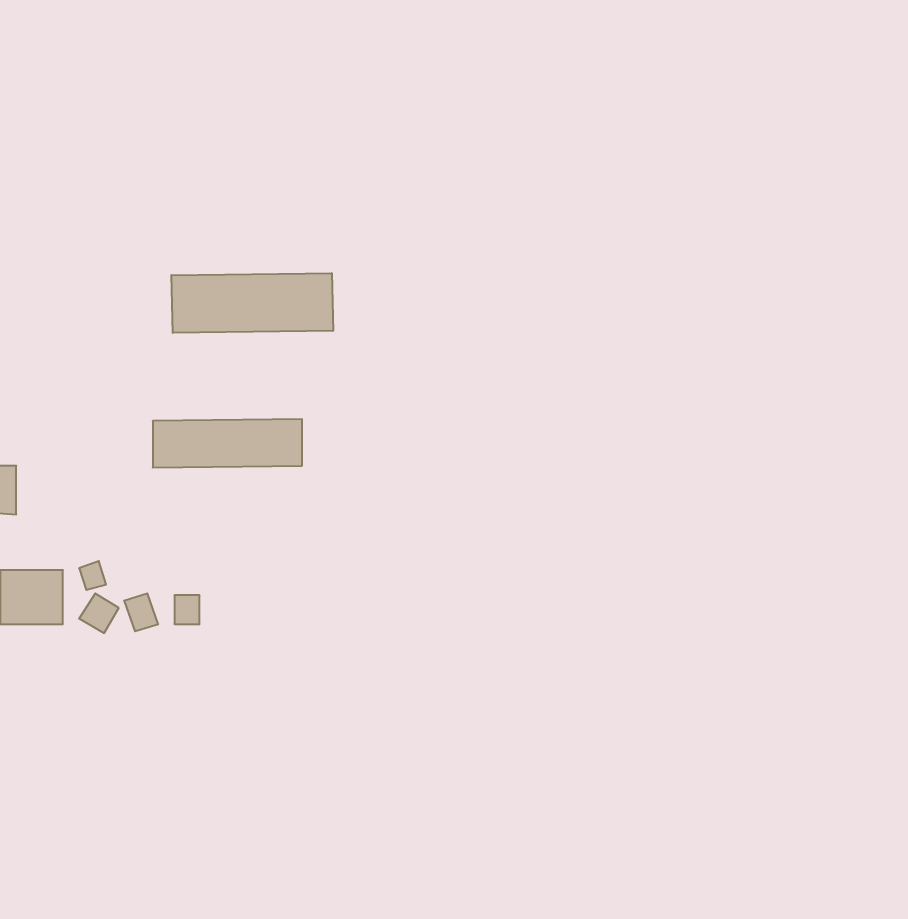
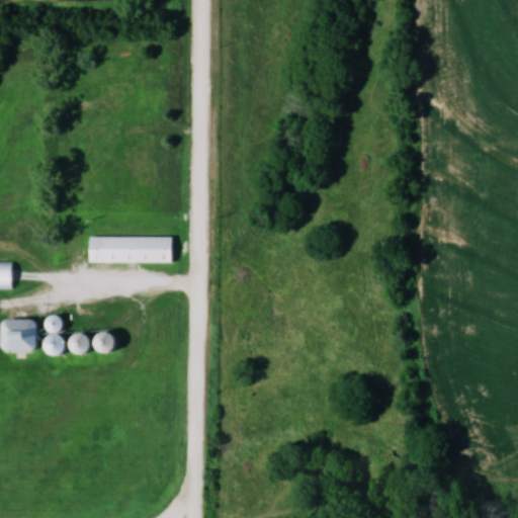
building: [171,273,333,333] -> none

